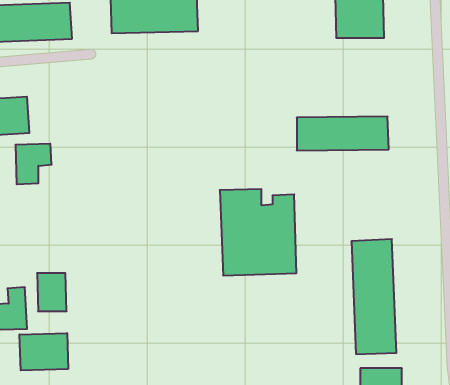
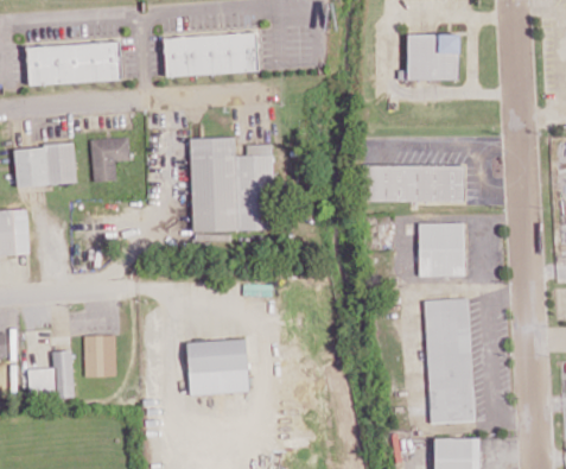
building: [15,144,52,184] -> [91,138,131,182]
building: none -> [419,222,464,275]
building: [220,189,296,275] -> [190,138,273,232]
building: none -> [187,340,249,394]
building: [20,333,68,370] -> none

